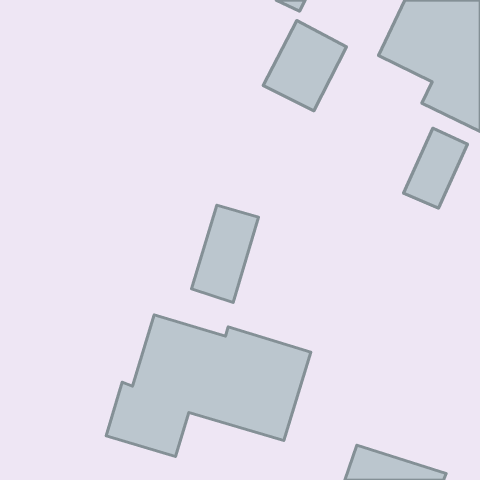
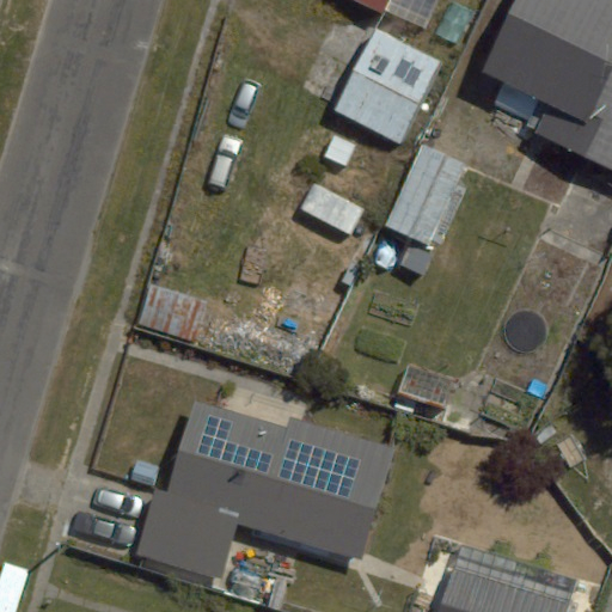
building: [404,128,467,208] -> [385,143,466,245]
building: [192,205,258,302] -> none

